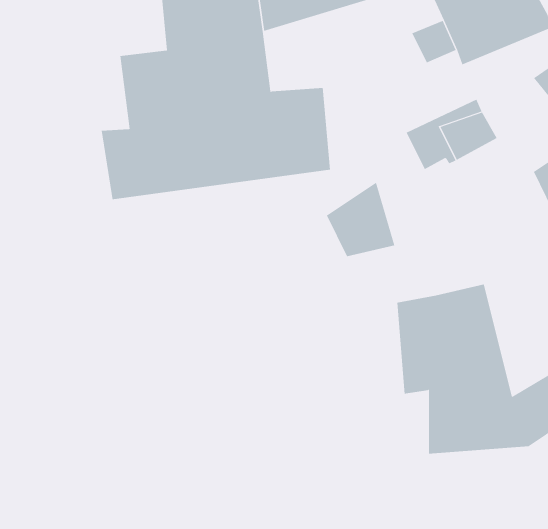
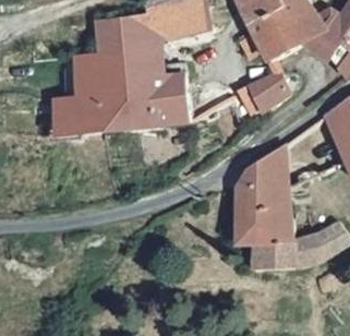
building: [326,182,395,257] -> [244,145,285,189]

